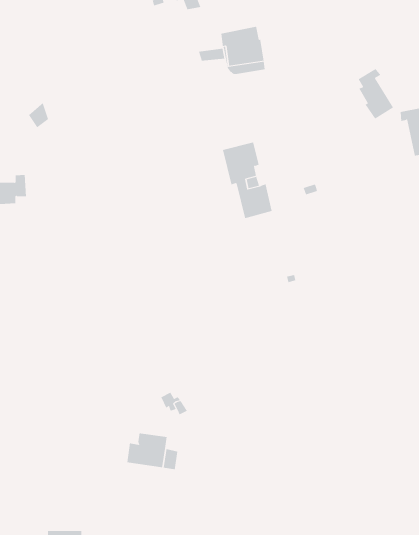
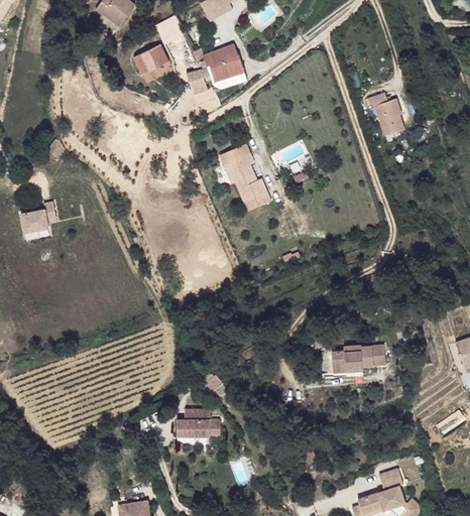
building: none -> [132,44,168,76]
building: [358,68,394,119] -> none
building: none -> [331,345,385,373]

